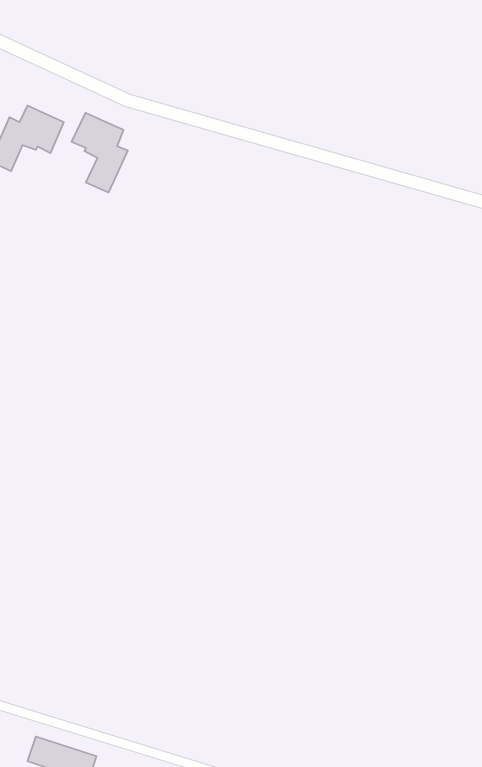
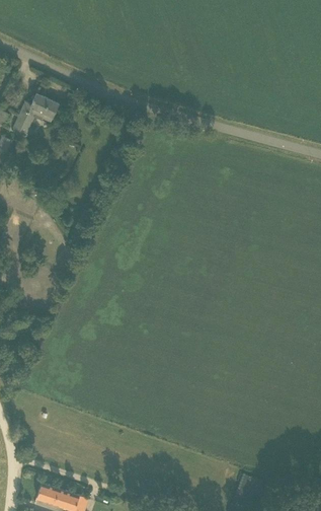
building: [71,113,128,193] -> none

